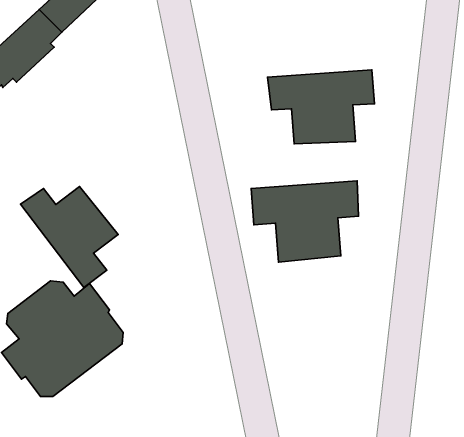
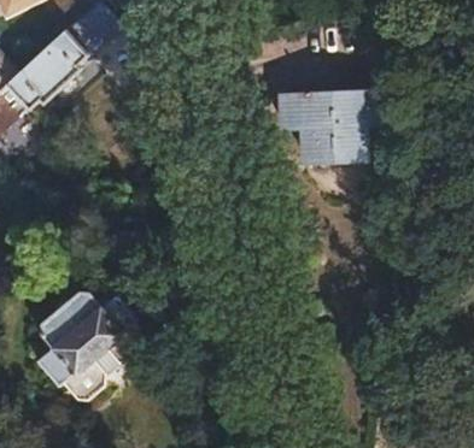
building: [251,181,358,262] -> none
building: [20,186,118,288] -> none

